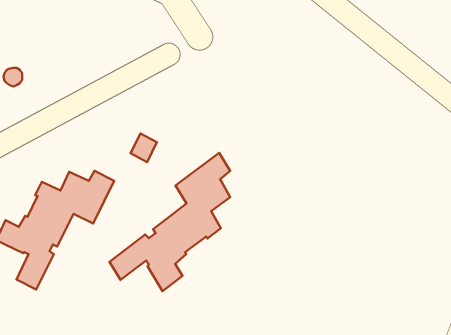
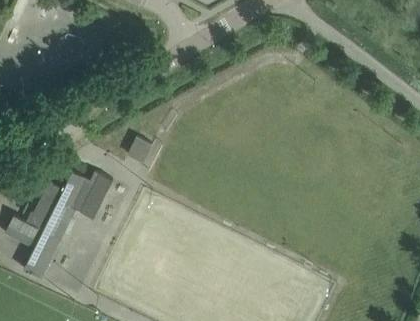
building: [110,153,230,291] -> none

